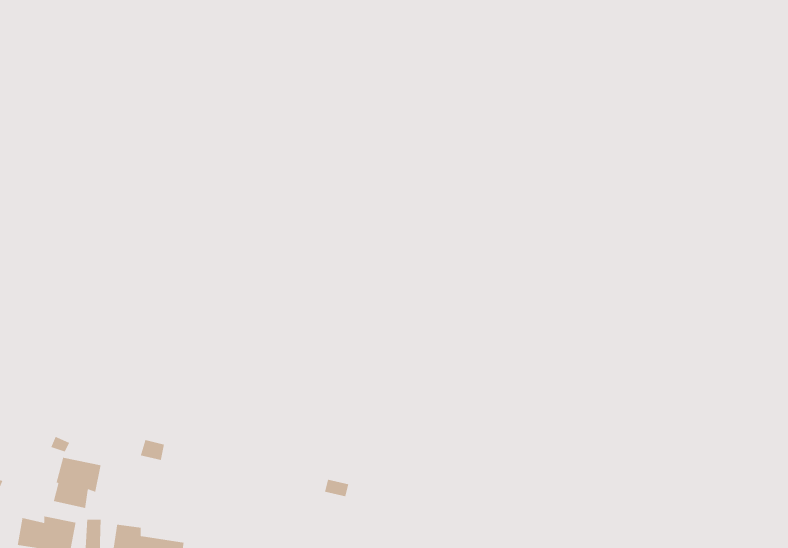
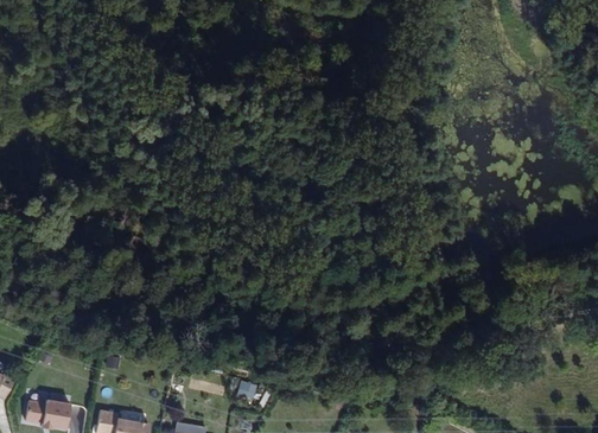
building: [53,457,102,509] -> none

